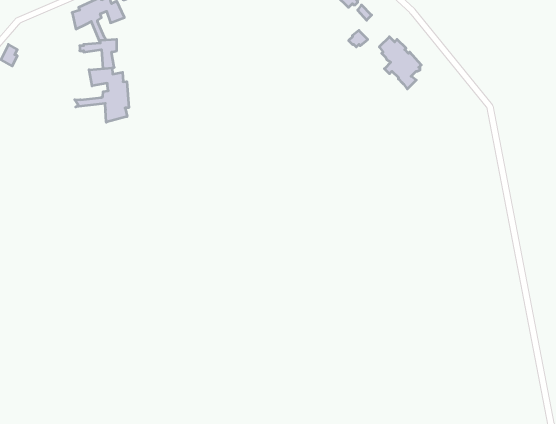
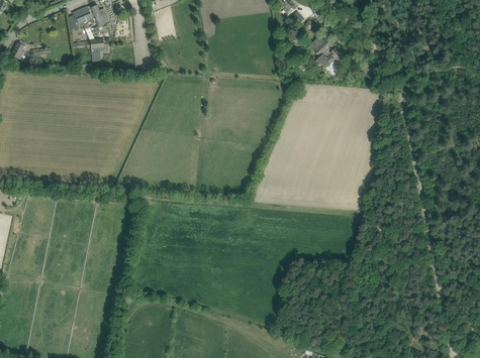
building: [75,68,129,122] -> none

